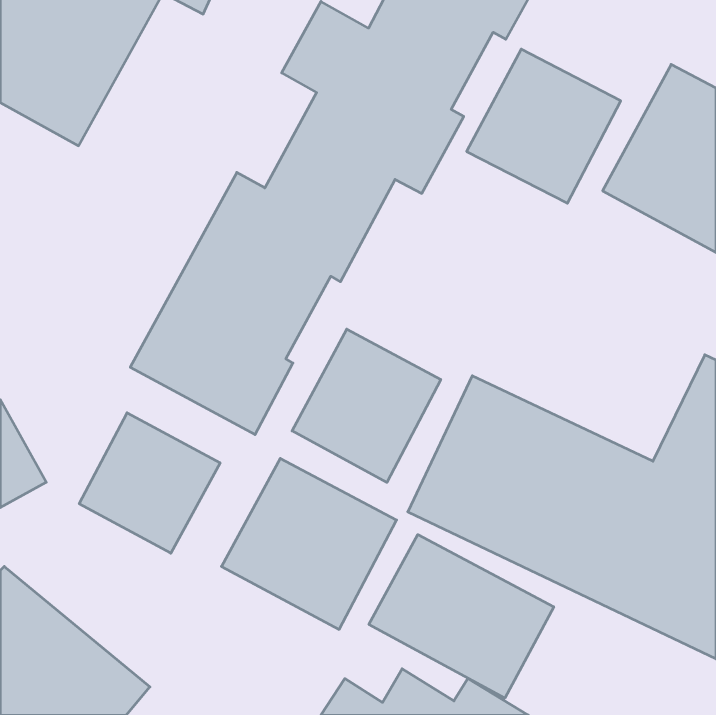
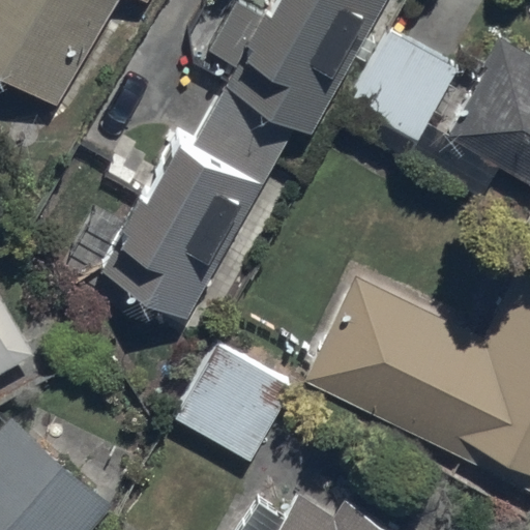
building: [292,329,441,482] -> none
building: [79,413,220,553] -> none
building: [369,535,554,698] -> none

